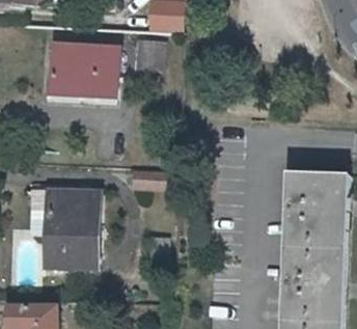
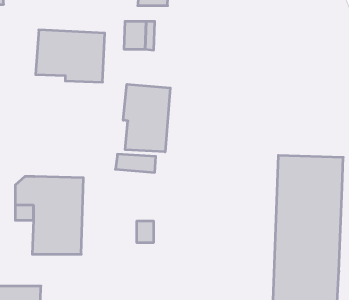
building: none -> [123,84,170,152]

